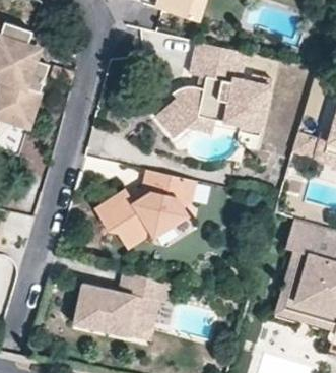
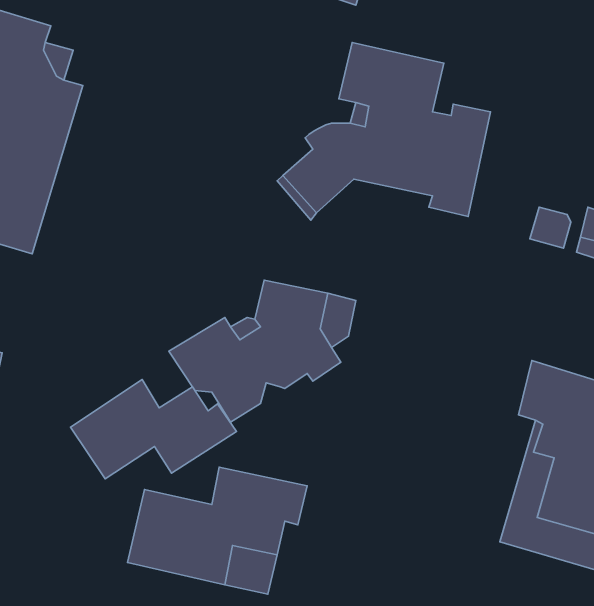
building: none -> [71,380,236,479]

